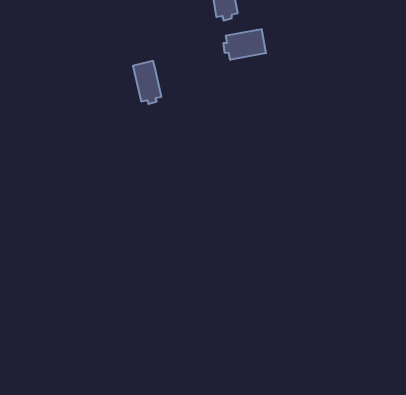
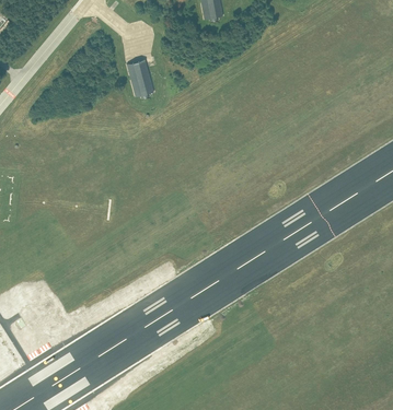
building: [224,29,266,60] -> none

